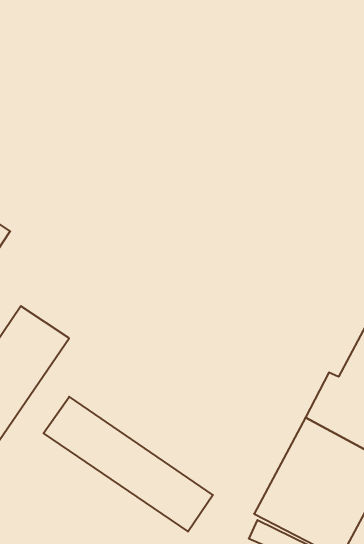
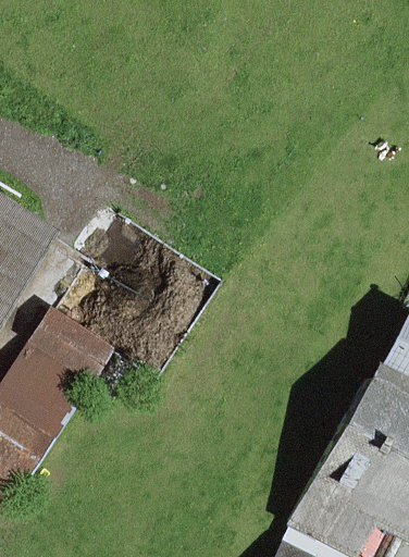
building: [44,397,213,532] -> none

